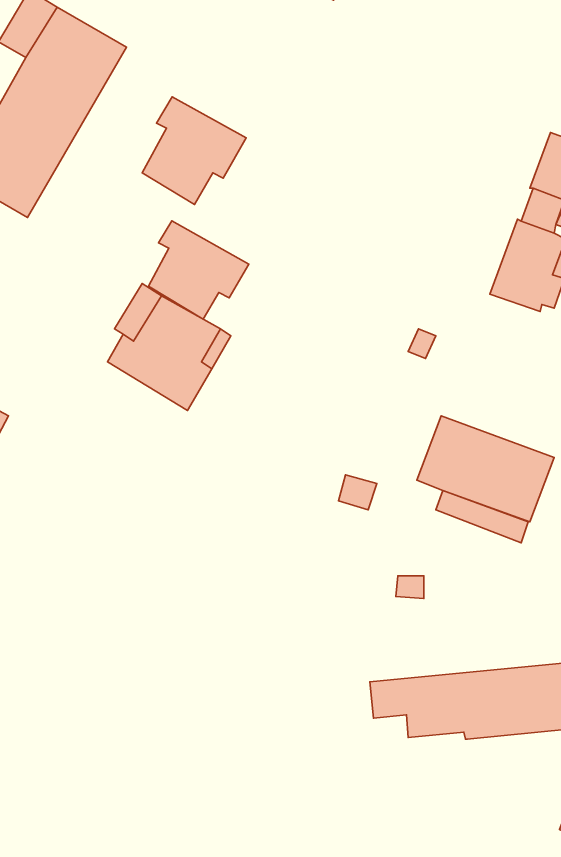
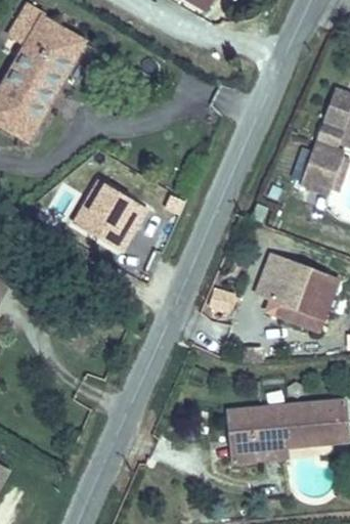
building: [142,97,246,205] -> none
building: [148,221,249,319] -> none
building: none -> [230,430,287,457]

